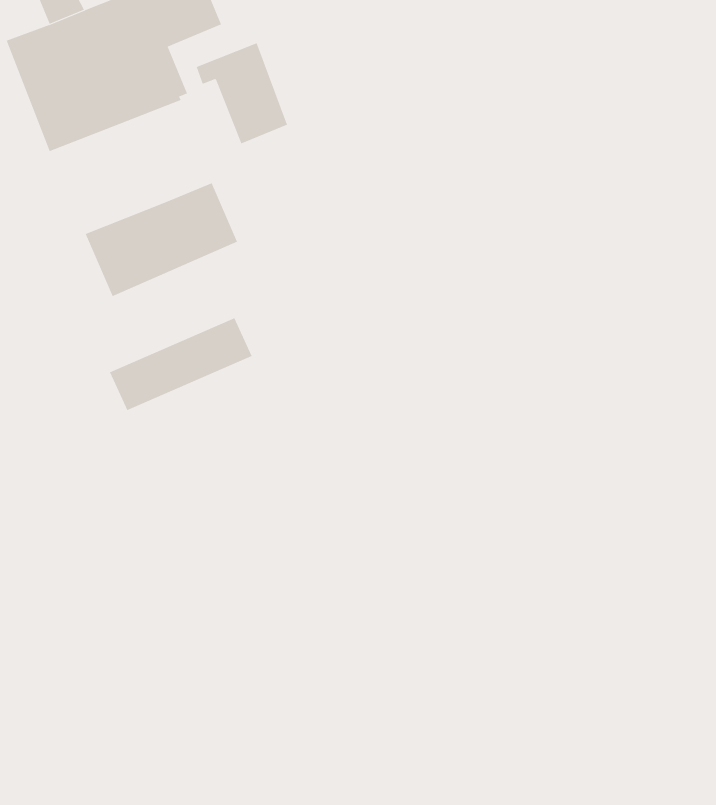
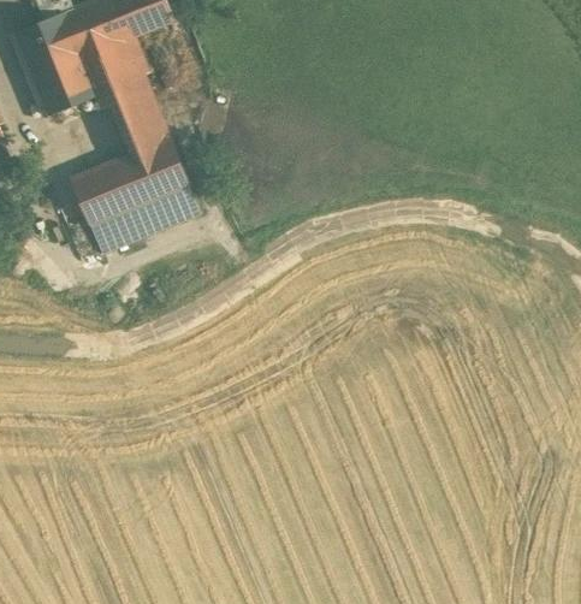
building: [196,43,288,144] -> [99,76,167,152]
building: [109,317,253,411] -> [93,182,200,251]

